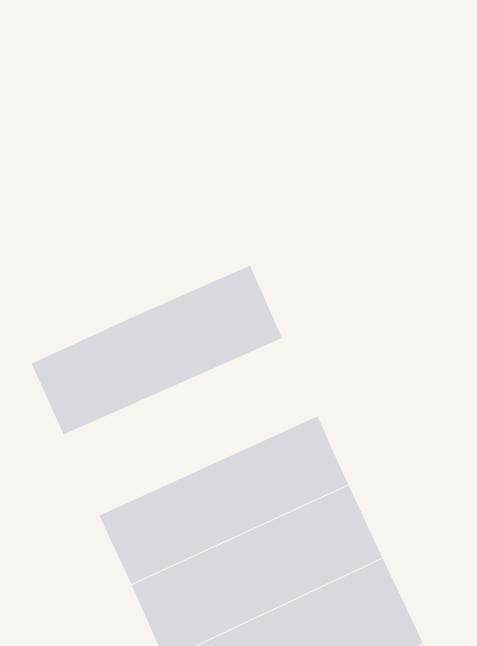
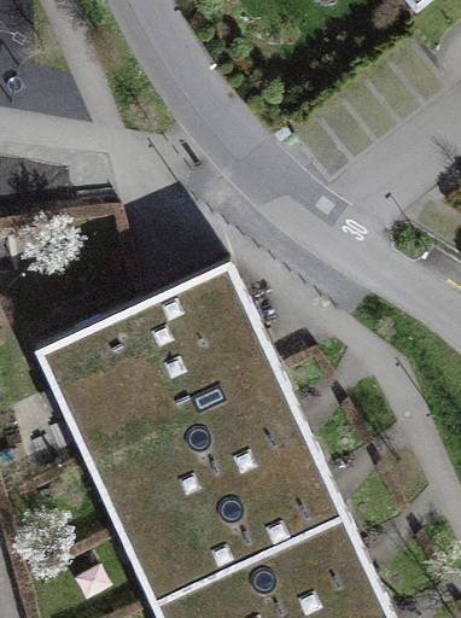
building: none -> [63,327,281,479]

